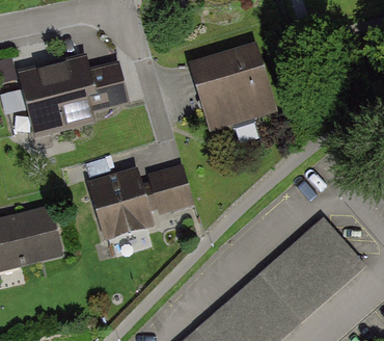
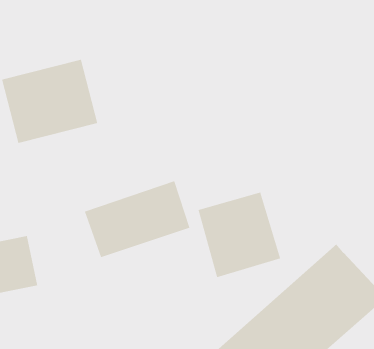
building: [197,50,270,125] -> [197,192,281,278]

